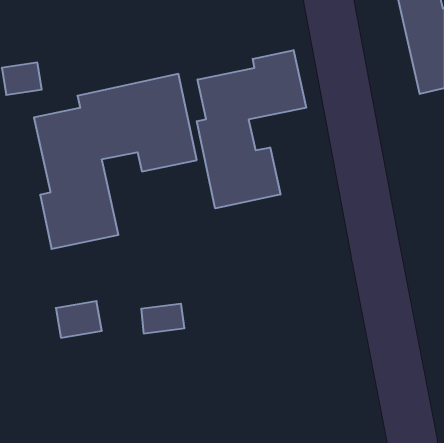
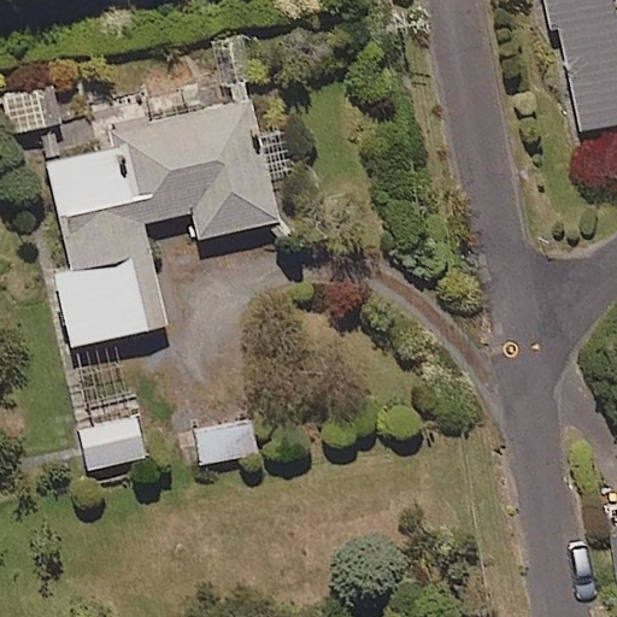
building: [197,50,306,208] -> none

